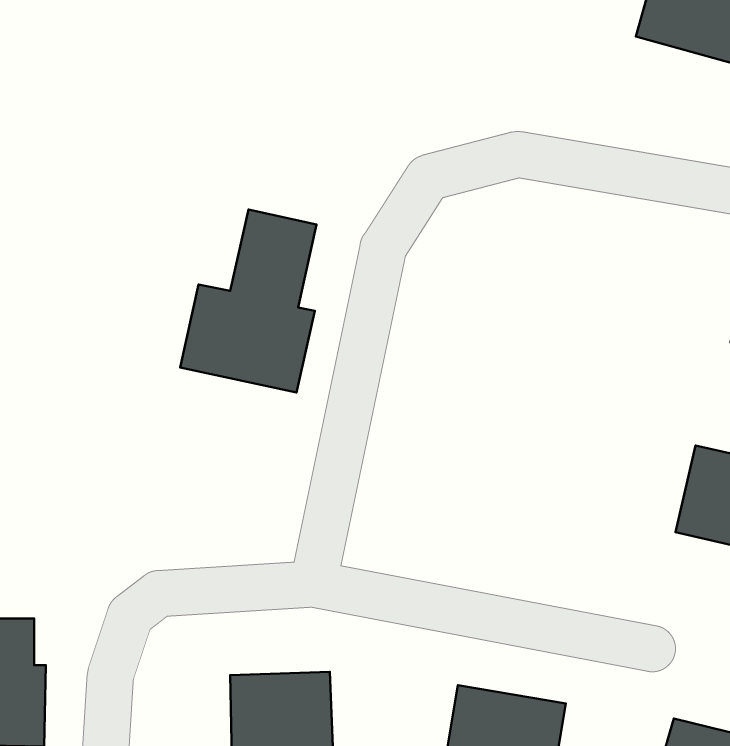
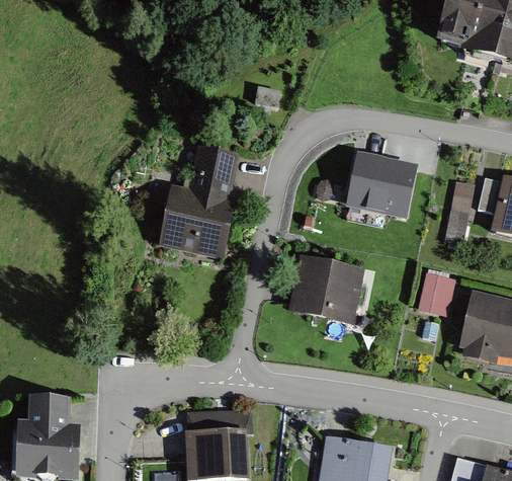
building: none -> [346,154,420,218]
building: none -> [449,175,480,239]
building: none -> [290,258,365,325]
building: none -> [423,268,453,310]

